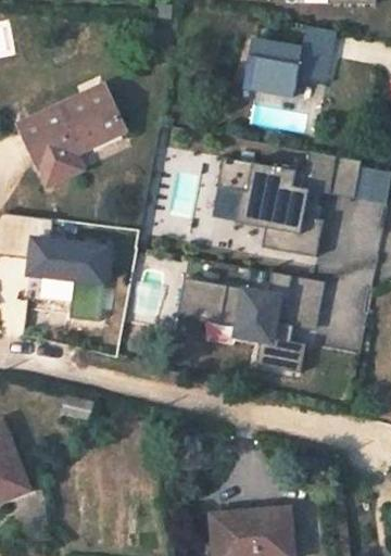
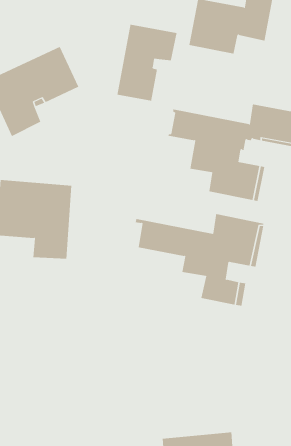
building: none -> [117,24,177,101]

